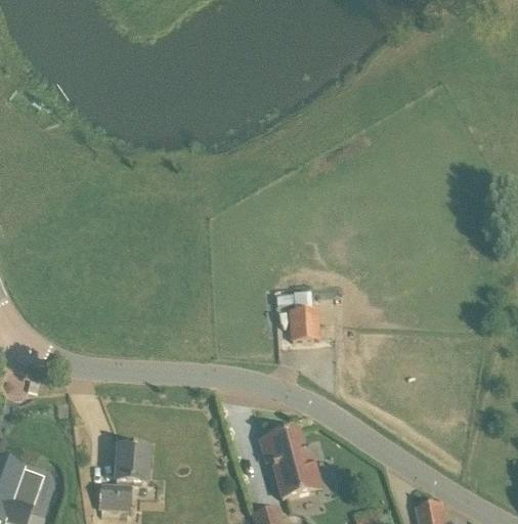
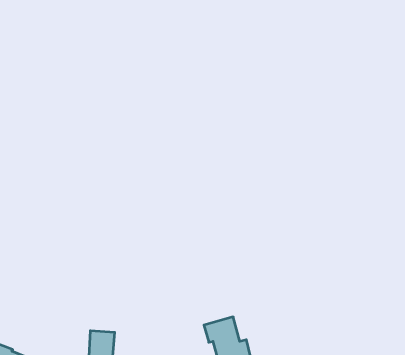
building: [291,306,314,337] -> none

